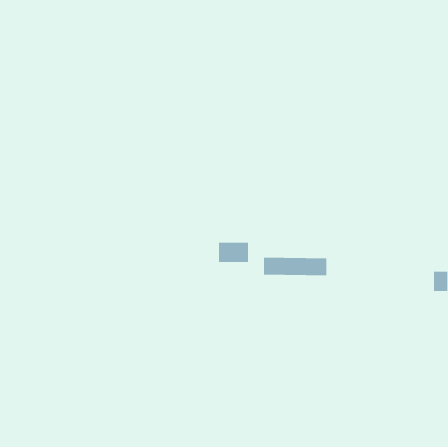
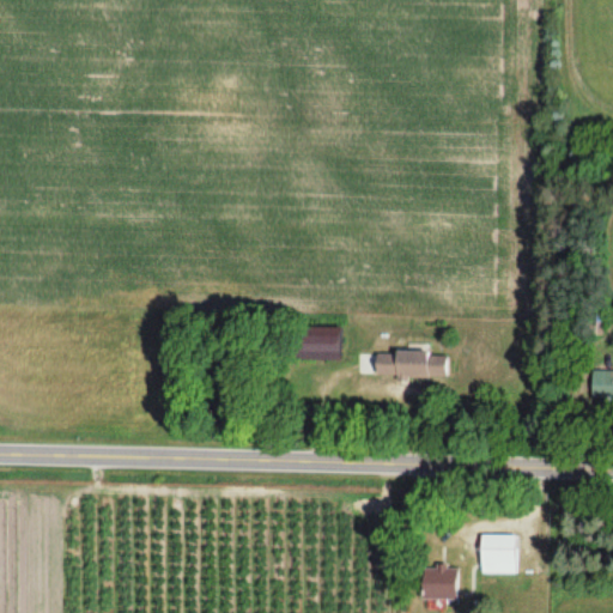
building: none -> [481,534,516,573]
building: none -> [424,566,459,600]

